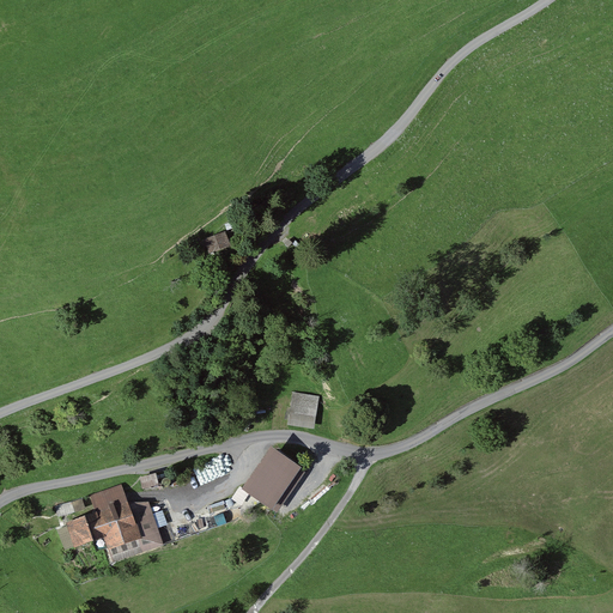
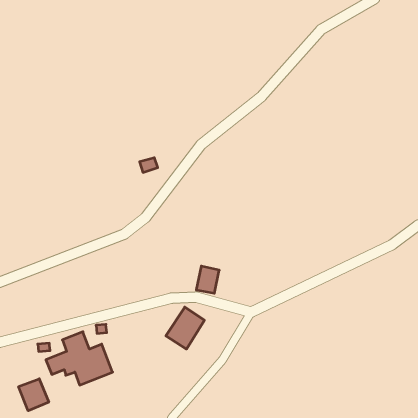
building: none -> [19,379,49,411]

